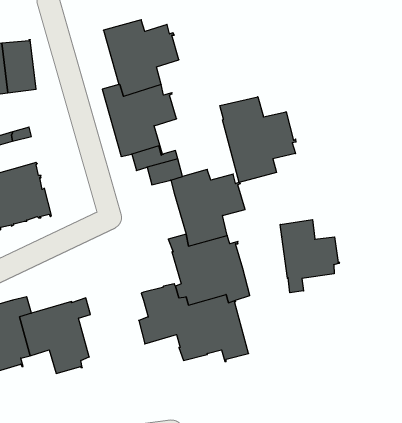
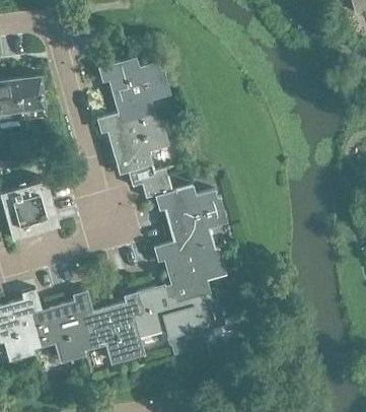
building: [220,97,296,182] -> none
building: [280,220,339,293] -> none
building: none -> [82,299,145,363]

